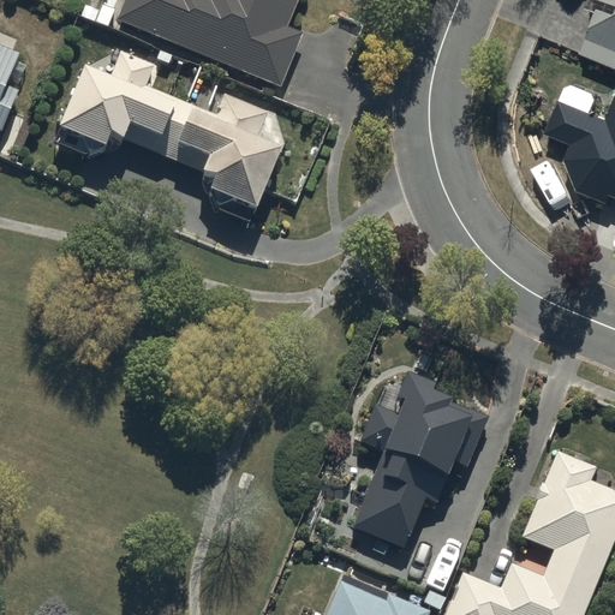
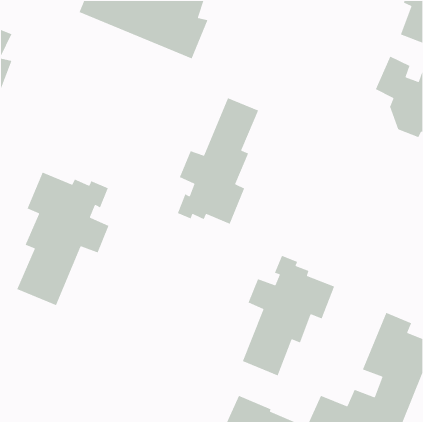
building: [55,53,280,203] -> none
building: none -> [177,97,259,225]
building: none -> [16,171,110,306]

